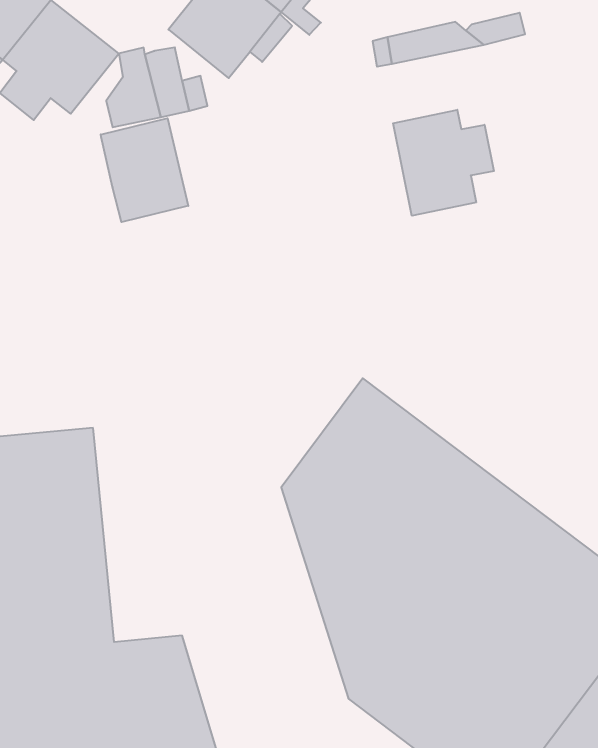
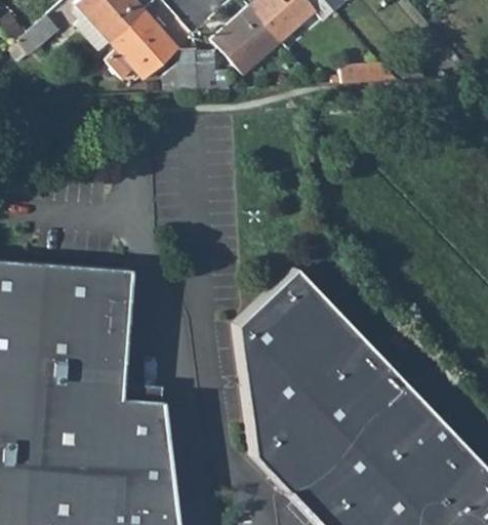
building: [393,110,494,216] -> none
building: [101,118,188,222] -> none

